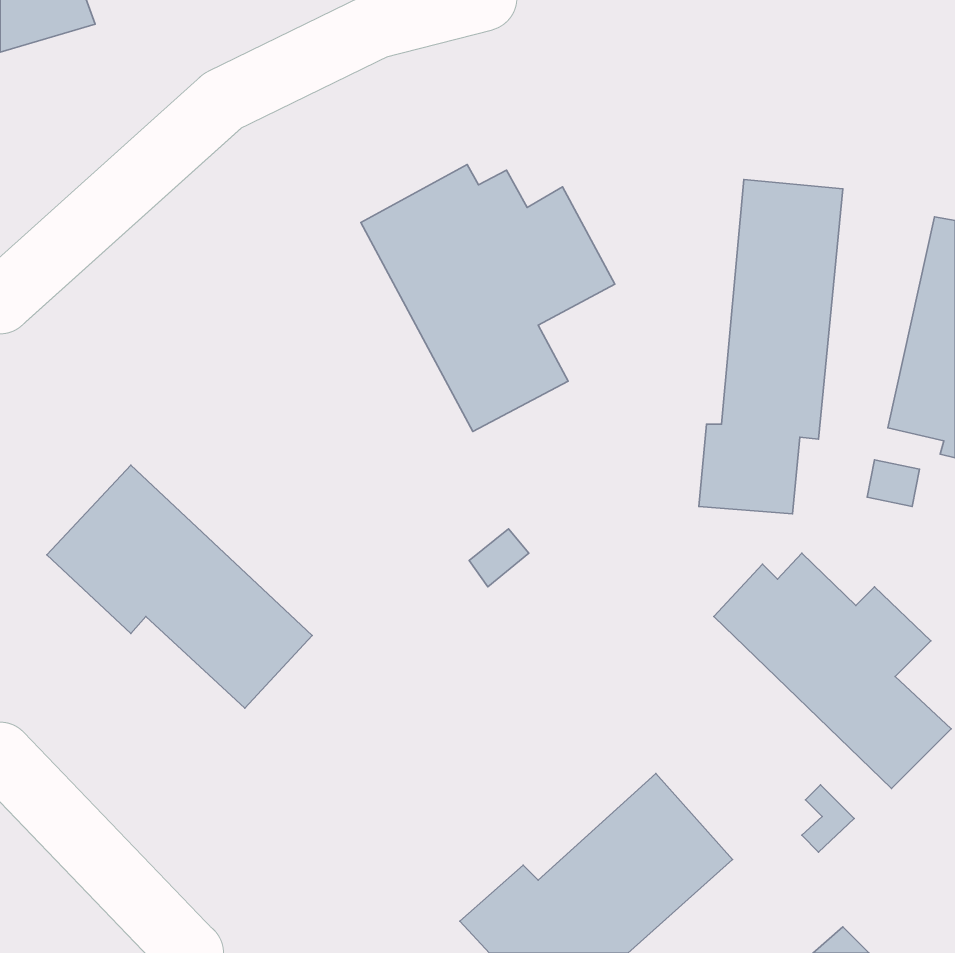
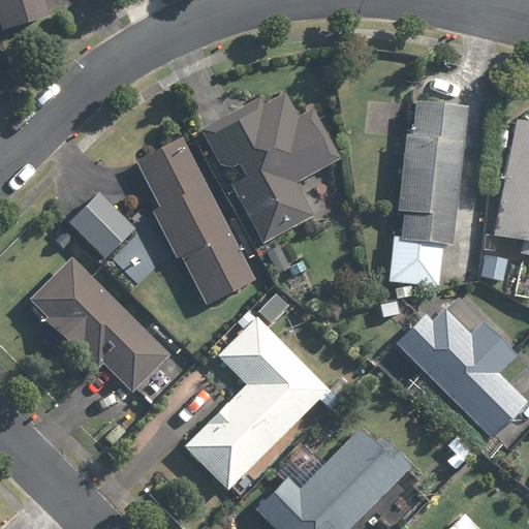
building: none -> [135,134,258,307]
building: none -> [67,190,136,260]
building: none -> [186,318,329,490]

